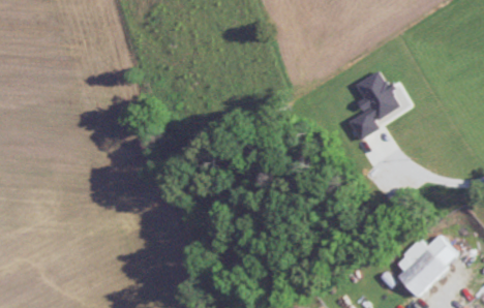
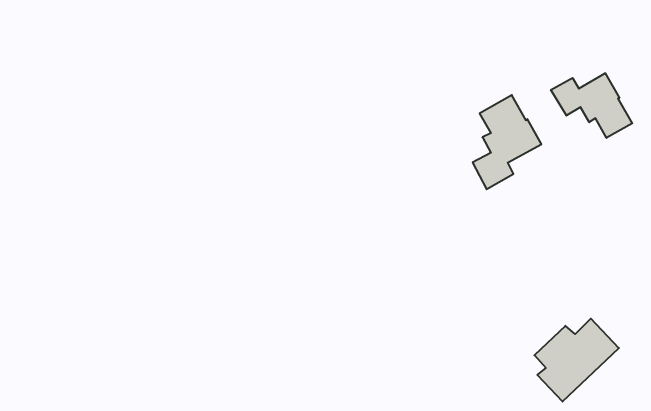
building: none -> [551,73,632,138]

